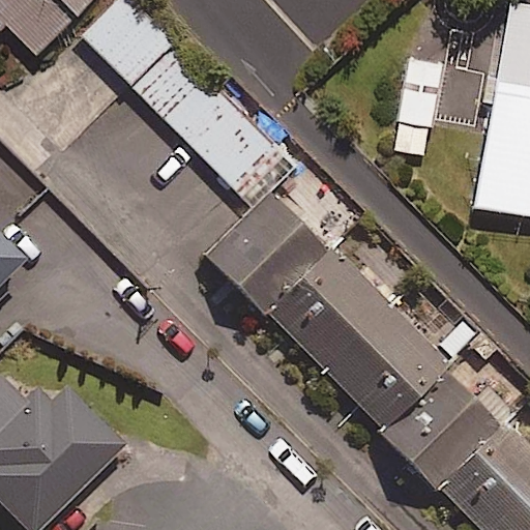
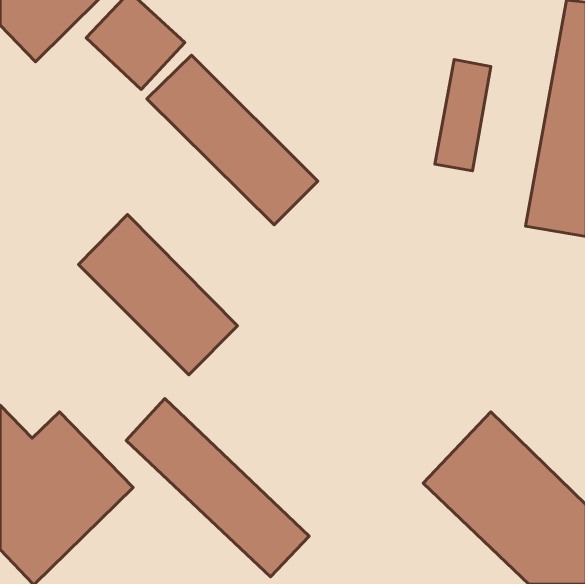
building: none -> [78,215,238,375]
building: [230,215,440,421] -> none
building: none -> [126,398,309,577]

